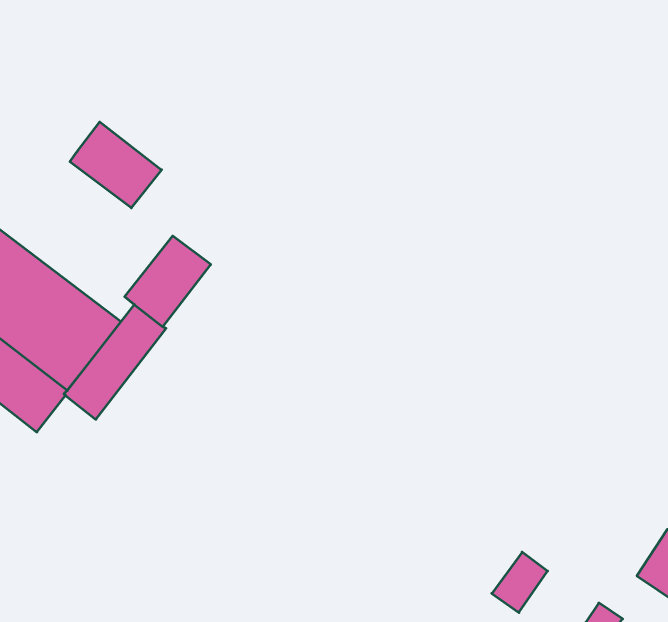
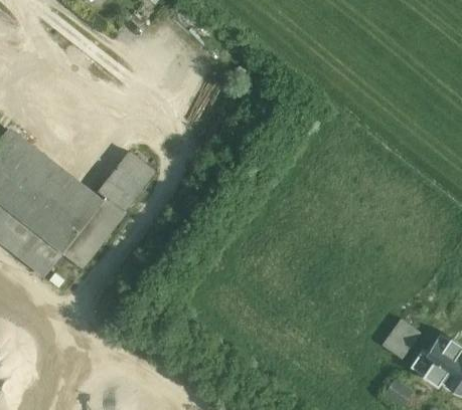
building: [70,122,162,208] -> none
building: [492,552,548,613] -> [386,320,421,358]

